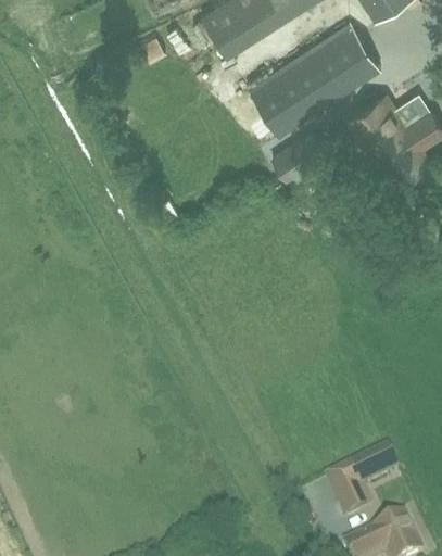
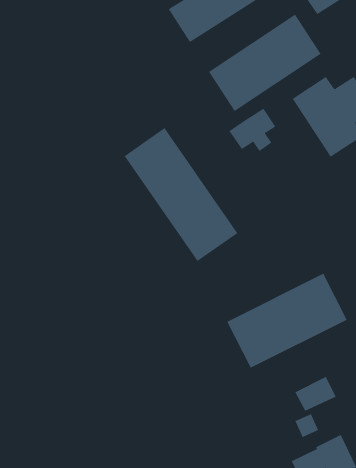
building: none -> [124,127,238,262]
building: none -> [227,273,347,369]

